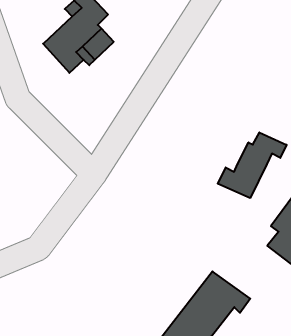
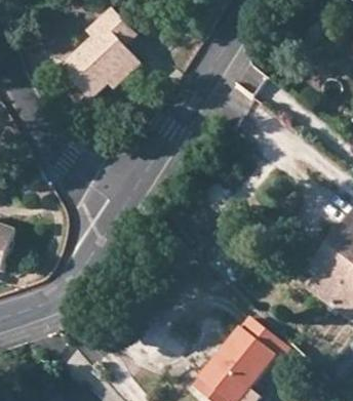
building: [218,132,287,198] -> none

